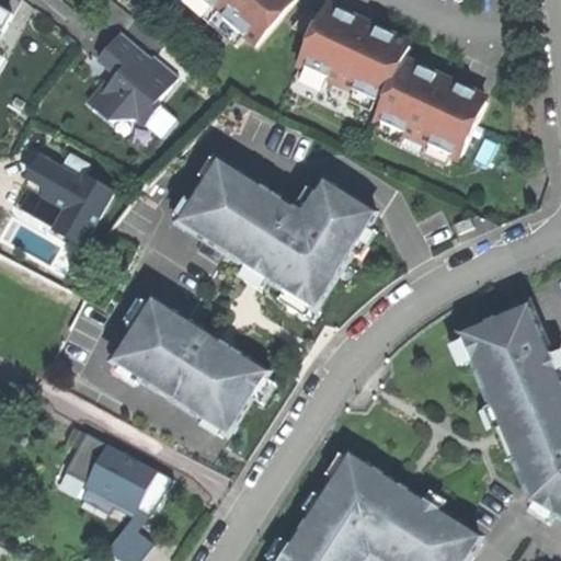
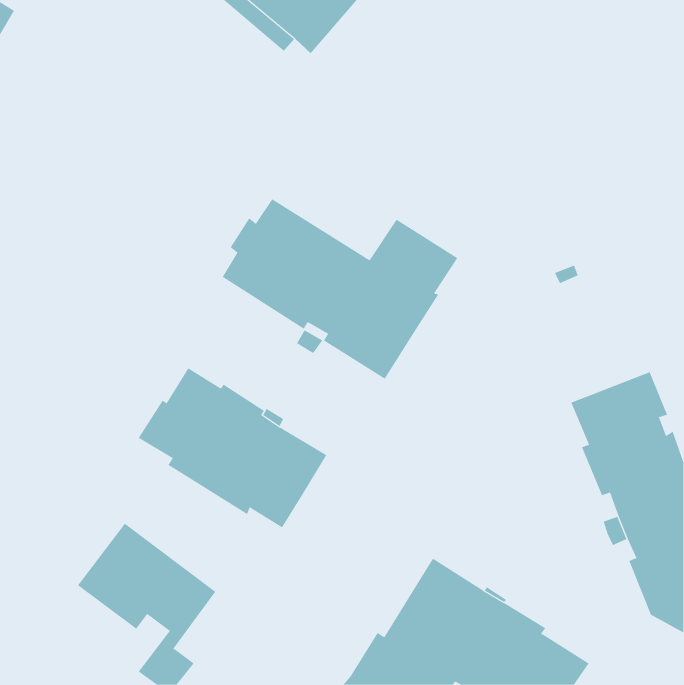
building: [288,5,483,162] -> none
building: [85,25,184,131] -> none
building: [26,144,125,247] -> none

